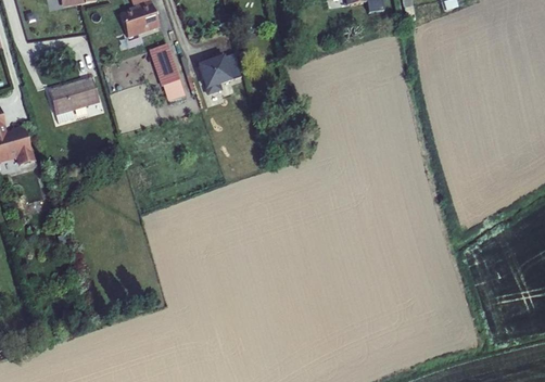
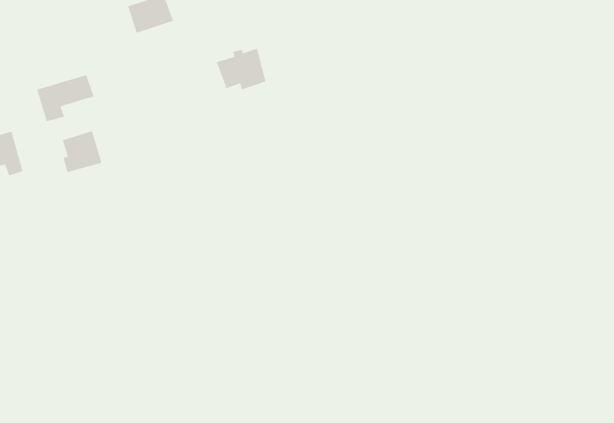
building: [154,47,182,87] -> none
building: none -> [62,130,102,173]

